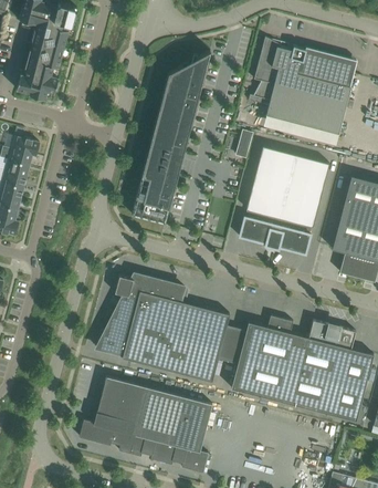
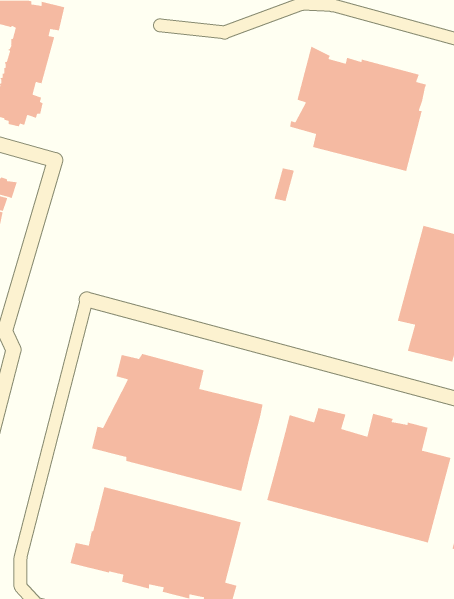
building: [132,52,210,224] -> none
building: [239,147,329,255] -> none
building: [218,325,246,364] -> none

